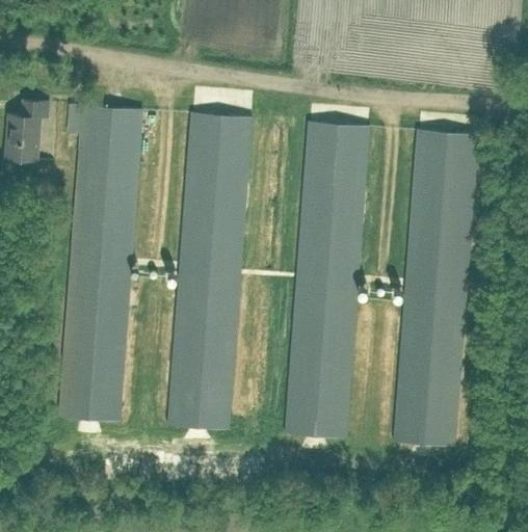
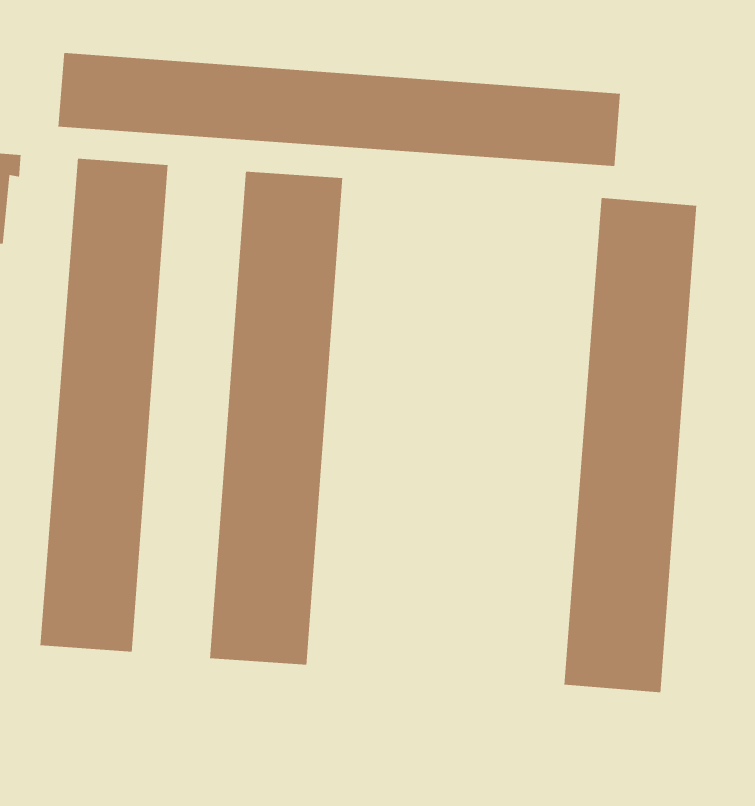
building: none -> [58,52,621,167]
building: [285,123,369,437] -> none

